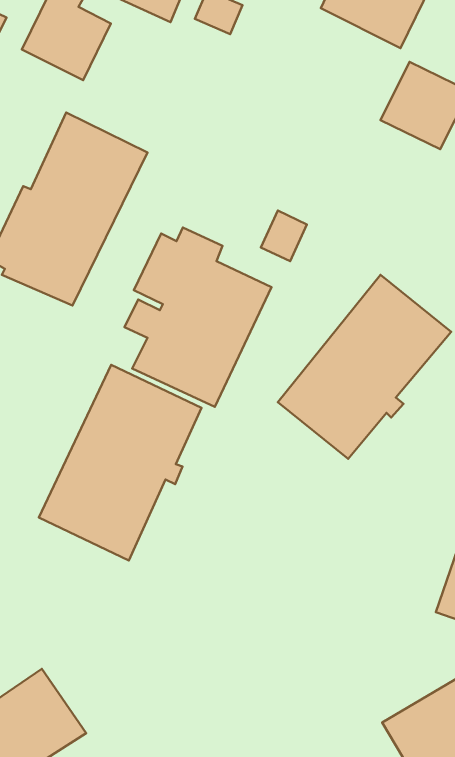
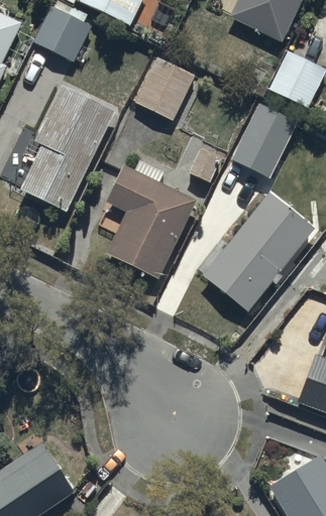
building: none -> [133,55,196,121]
building: none -> [231,103,298,178]
building: [39,365,201,560] -> none

